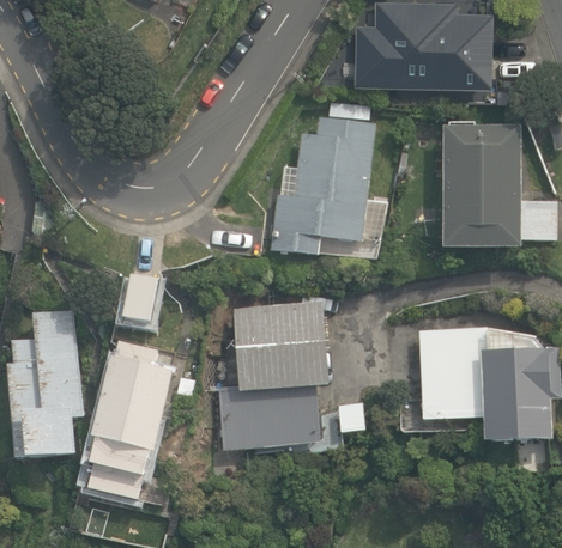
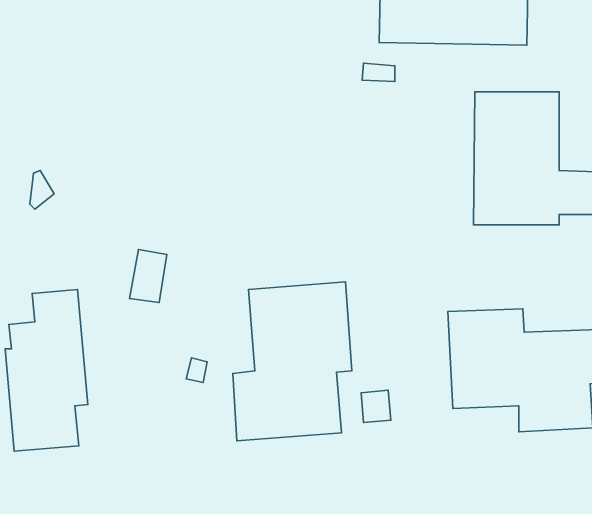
building: [270,117,375,256] -> none
building: [87,341,171,499] -> none

